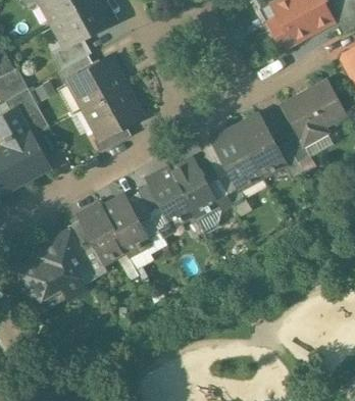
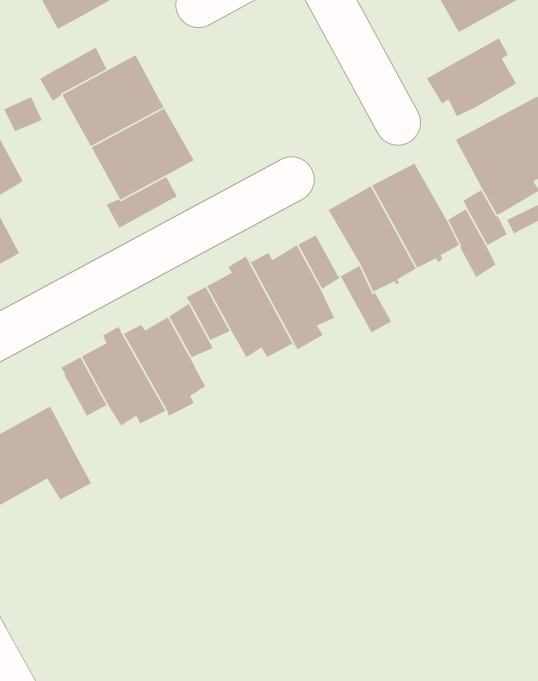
building: [50,37,90,69] -> none
building: none -> [426,37,517,117]
building: [43,230,87,270] -> none

